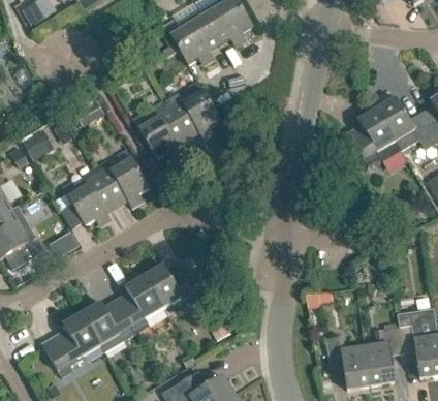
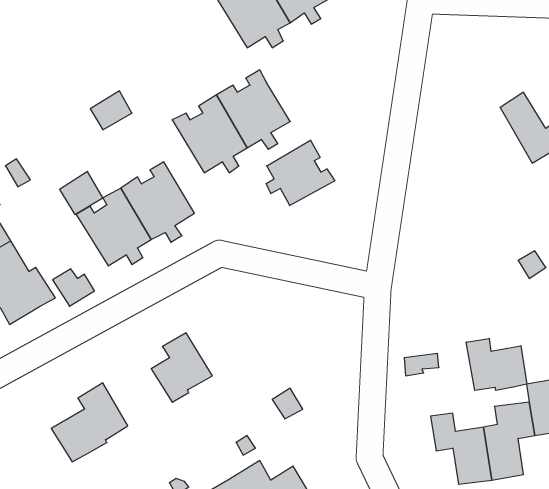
building: [350,109,401,165] -> none
building: [22,128,54,160] -> [60,171,103,215]
building: none -> [266,140,335,206]
building: [144,265,195,308] -> none
building: none -> [466,338,527,390]
building: [82,302,136,352] -> none

